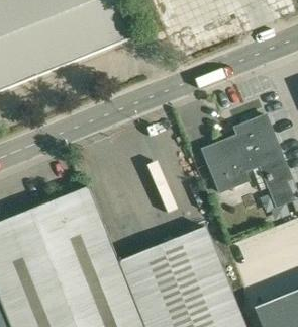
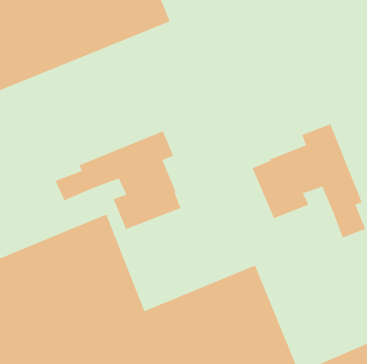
building: none -> [55,131,181,230]

